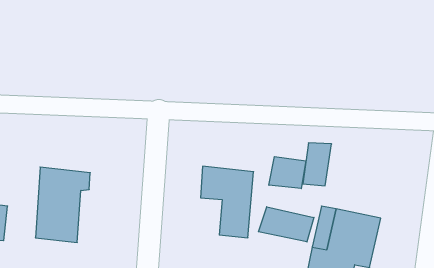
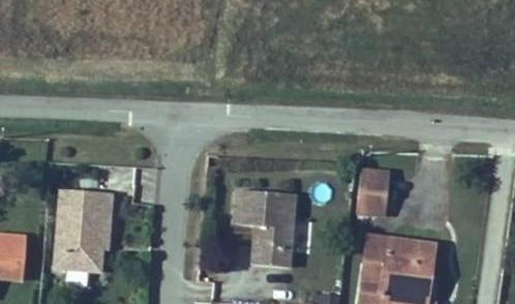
building: [269,157,306,189] -> none
building: [258,207,314,242] -> none

